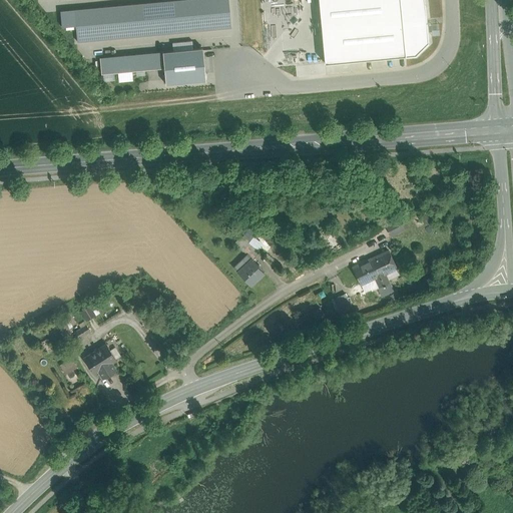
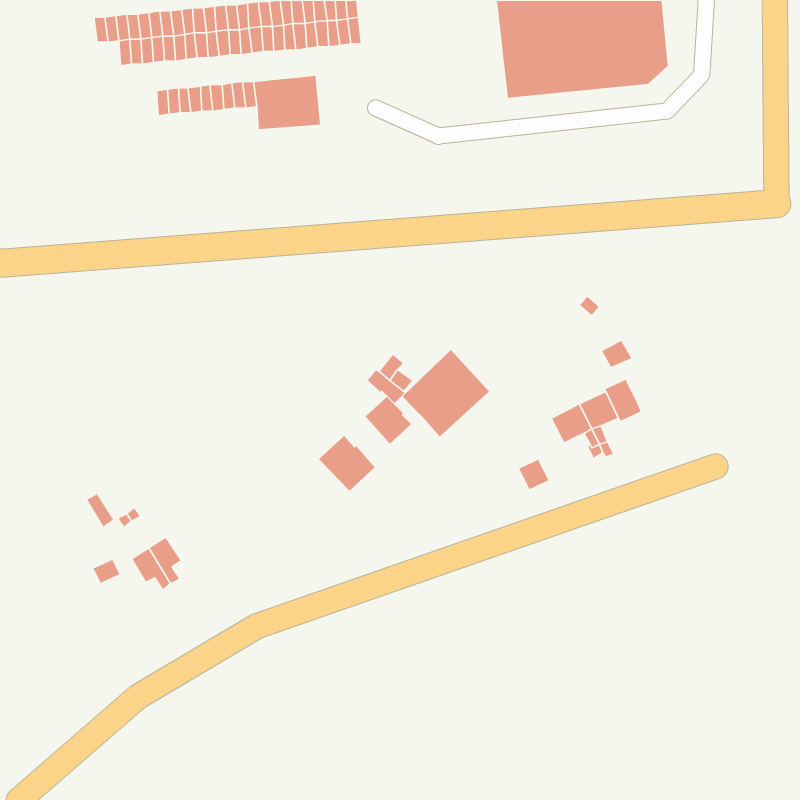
building: none -> [402,349,490,438]
building: none -> [605,379,641,422]
building: none -> [318,435,375,491]

